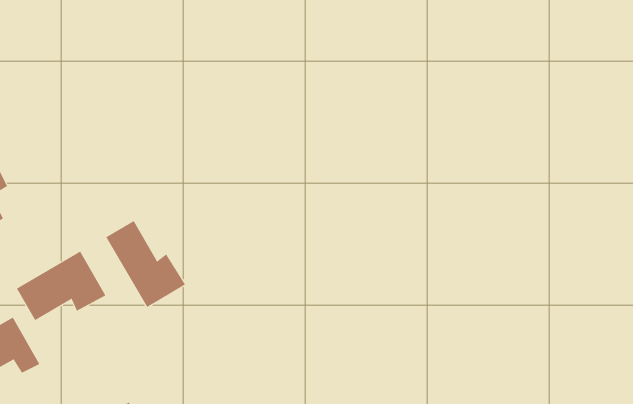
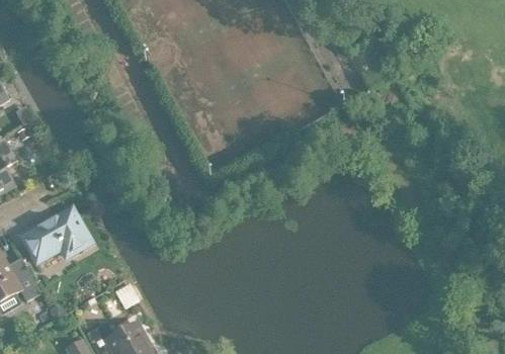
building: [106,220,186,308] -> none

